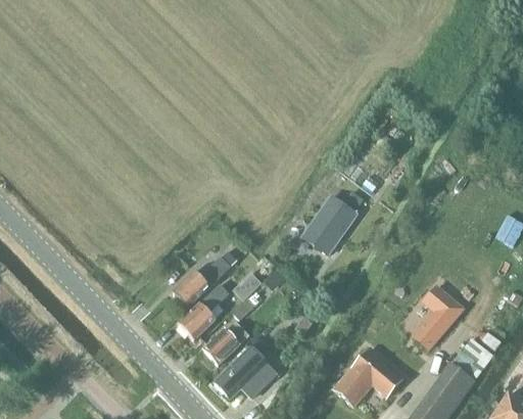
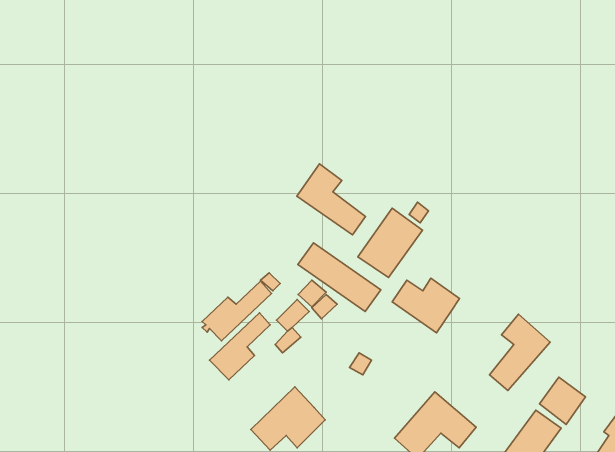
building: none -> [297,164,365,235]
building: none -> [298,243,381,311]
building: none -> [392,278,459,333]
building: [203,322,251,365] -> none

